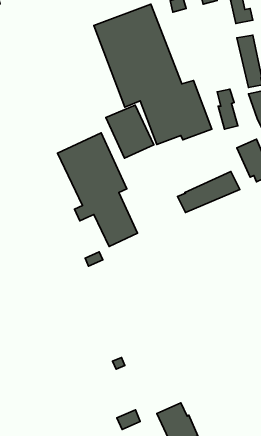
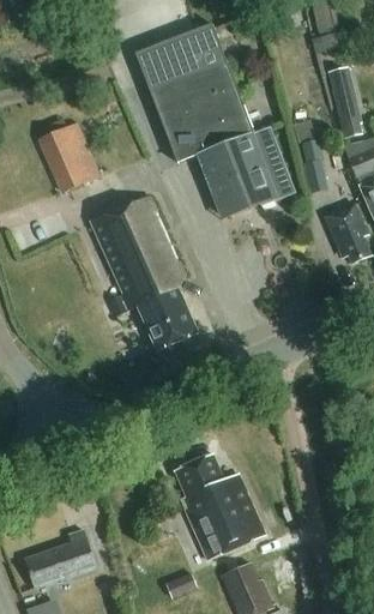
building: [106,105,154,158] -> [37,121,102,193]
building: [178,171,240,213] -> none
building: none -> [174,455,265,562]
building: none -> [26,531,98,590]

